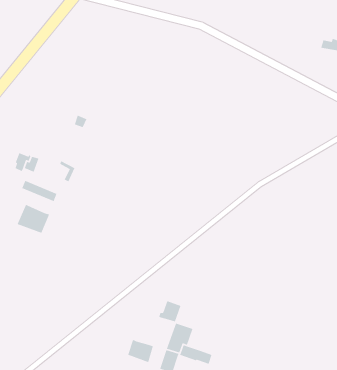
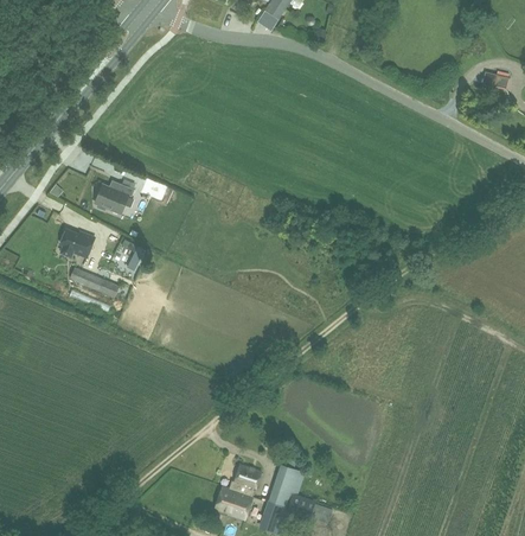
building: none -> [94,184,133,213]
building: [16,204,50,234] -> none
building: [158,300,181,323] -> [228,465,260,496]

